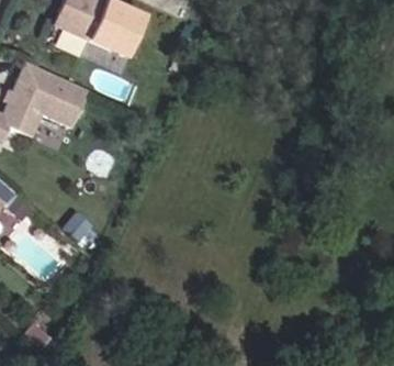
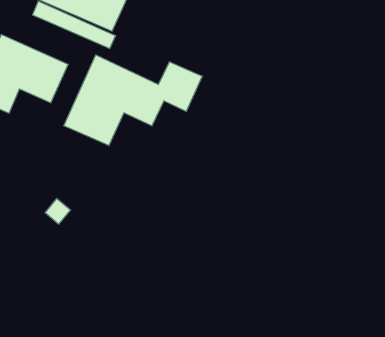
building: none -> [64,55,202,146]

